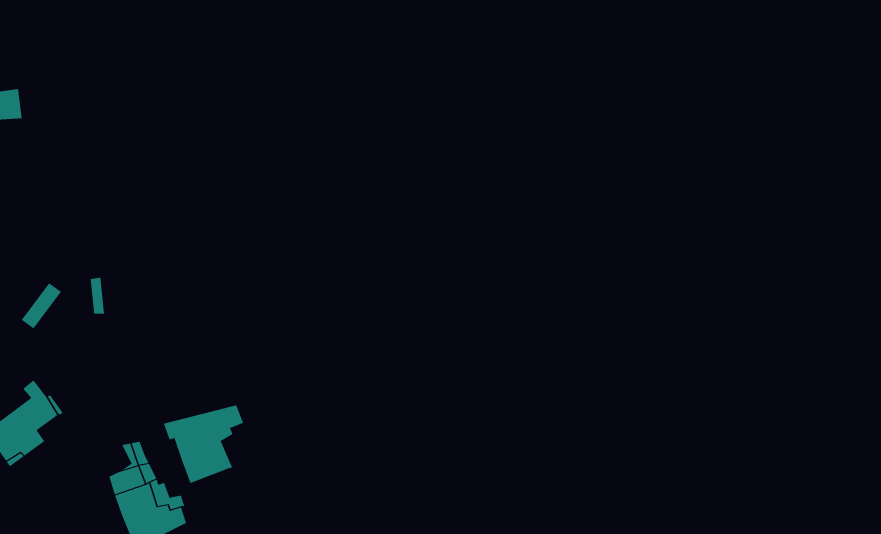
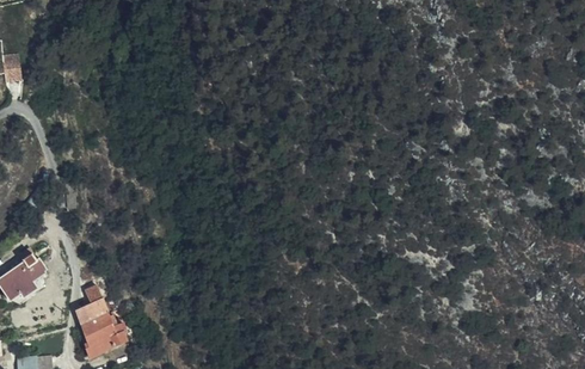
building: [163,404,244,484] -> none

